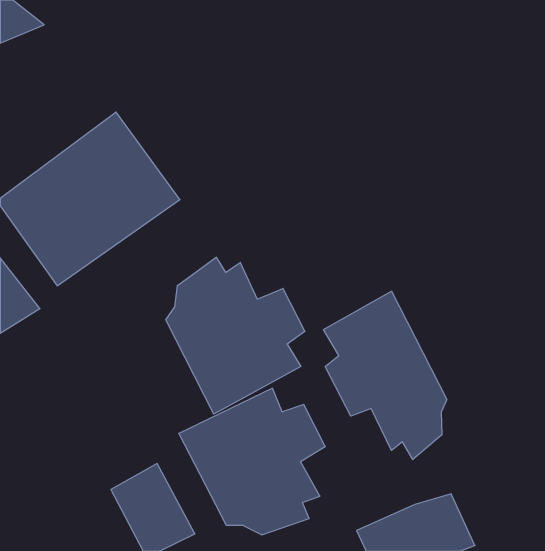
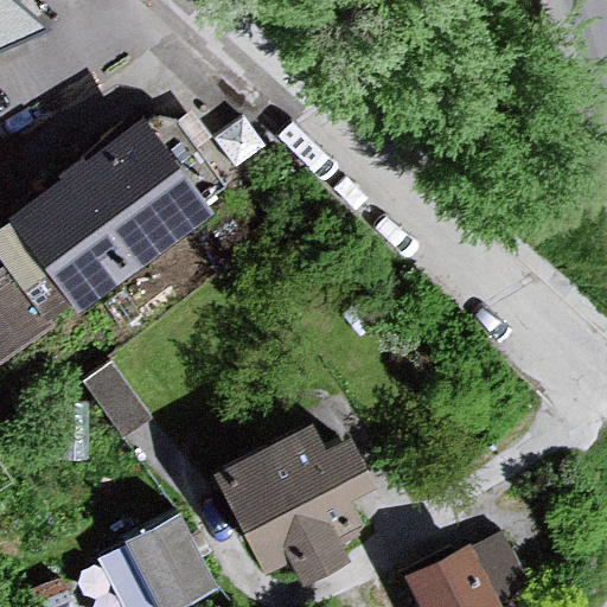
building: [166,257,305,414] -> none
building: [324,291,447,460] -> none

